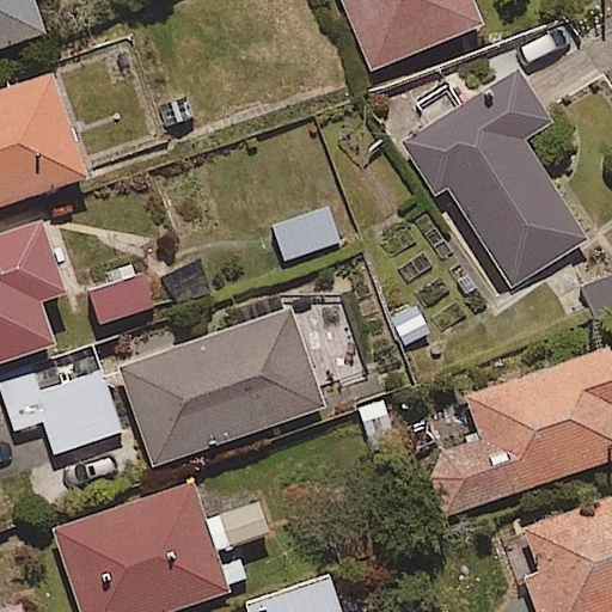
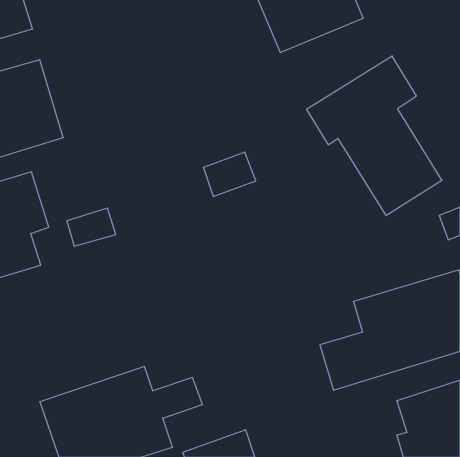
building: [120,311,323,466] -> none
building: [35,367,120,452] -> none

